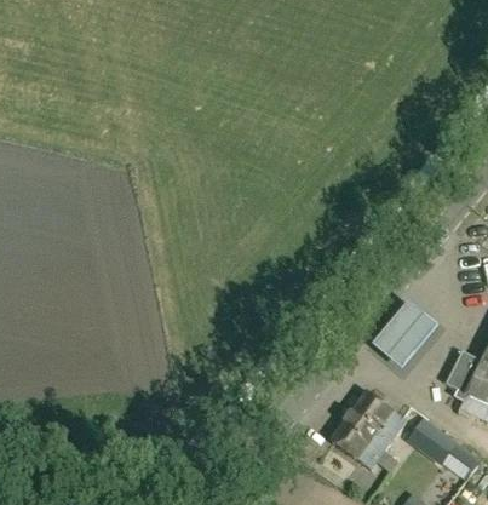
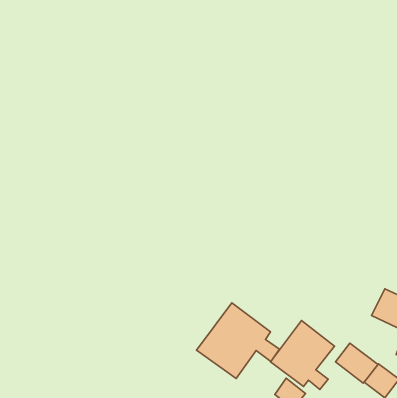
building: [378,302,444,368] -> none
building: none -> [196,303,279,379]

